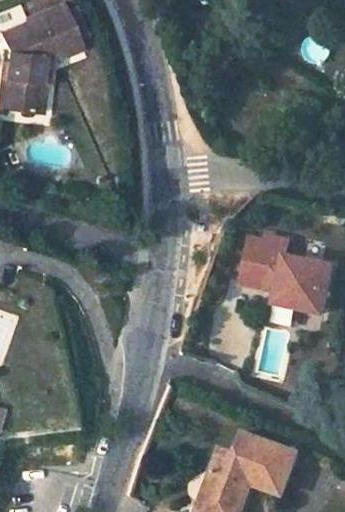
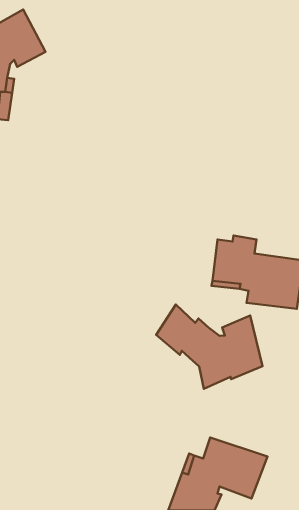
building: none -> [156,305,262,389]

